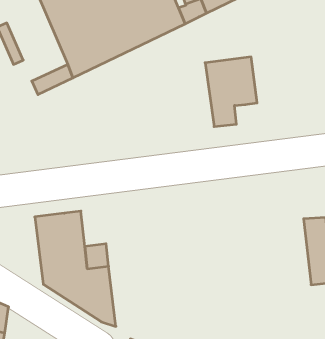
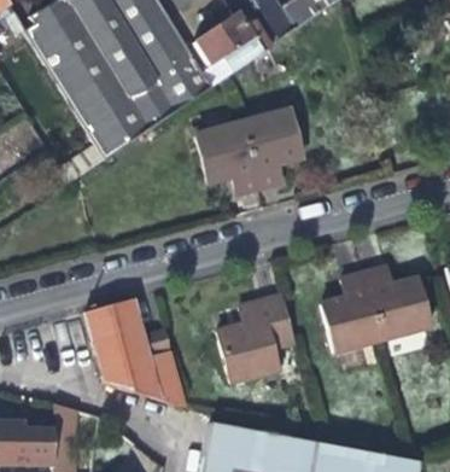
building: none -> [192,123,258,194]
building: none -> [321,270,384,351]
building: none -> [216,295,294,384]

